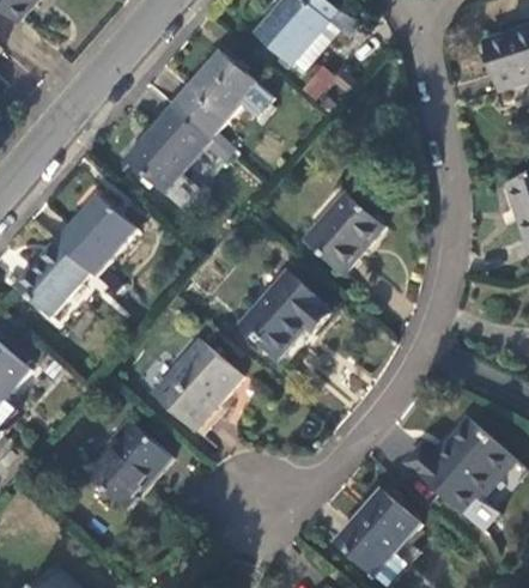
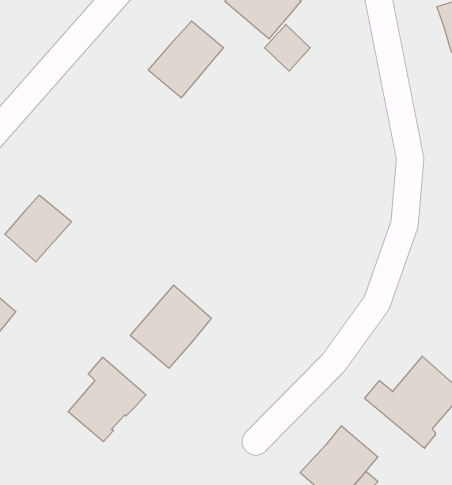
building: [134,107,211,186] -> none
building: [55,194,136,277] -> none
building: [305,196,382,274] -> none
building: [241,271,330,356] -> none

